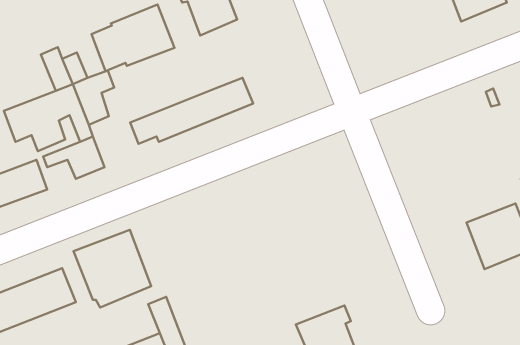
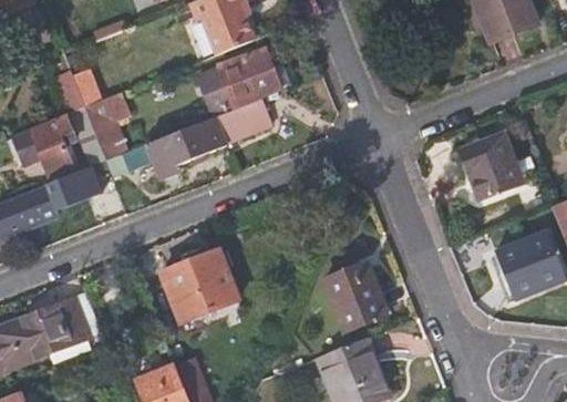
building: [92,4,174,71] -> [196,47,282,116]
building: none -> [458,130,524,198]
building: [74,230,151,307] -> [162,249,243,330]
building: none -> [322,261,388,330]

